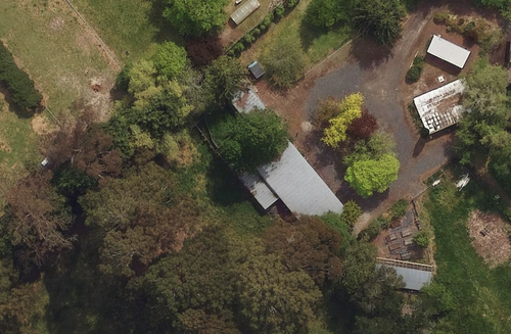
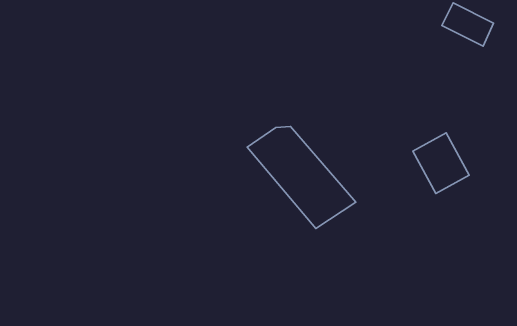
building: [411,82,461,136] -> [413,133,469,194]

